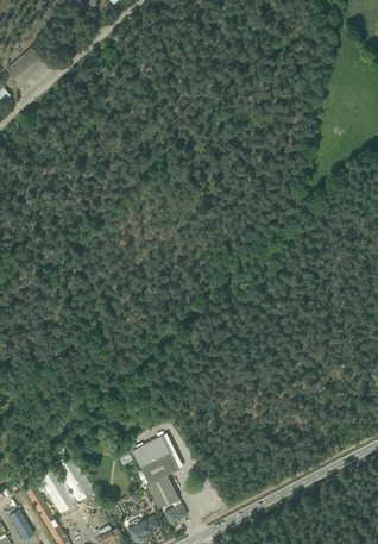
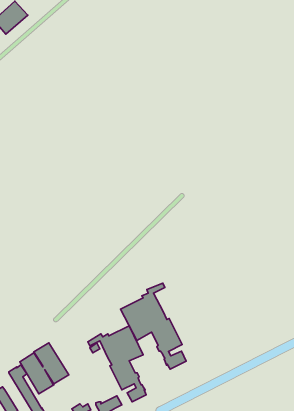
building: none -> [120,283,186,369]

